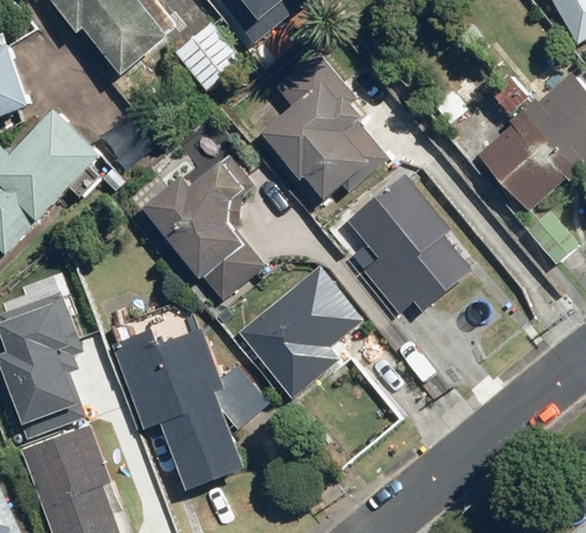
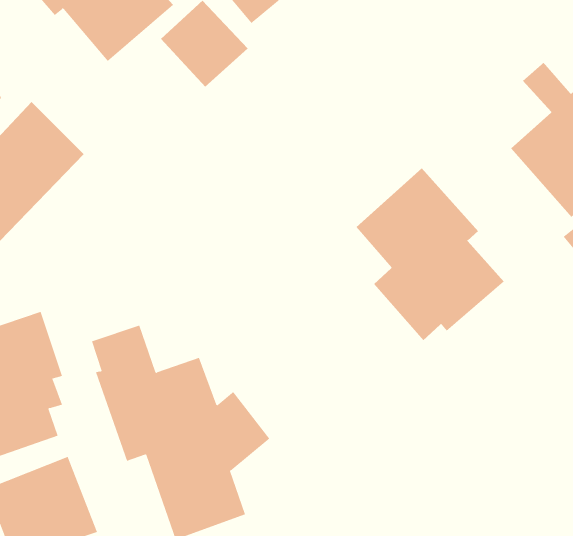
building: [258,45,394,200] -> none
building: [138,156,264,304] -> none
building: [239,262,366,397] -> none

